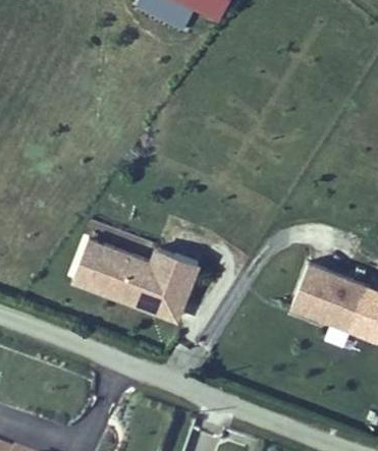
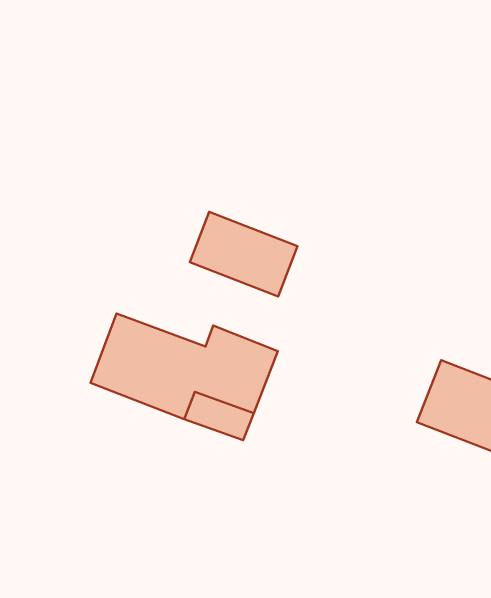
building: none -> [190,212,298,296]

